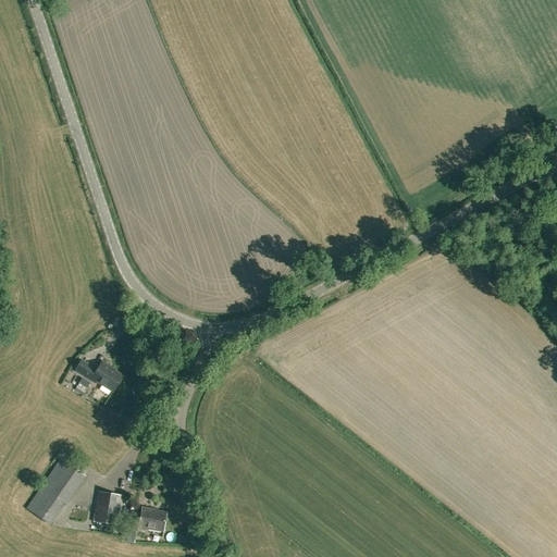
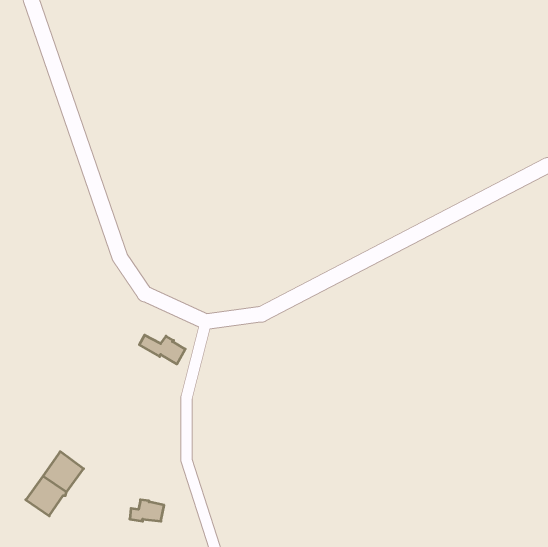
building: [75,360,122,389] -> [139,335,185,364]
building: [94,491,123,524] -> none

